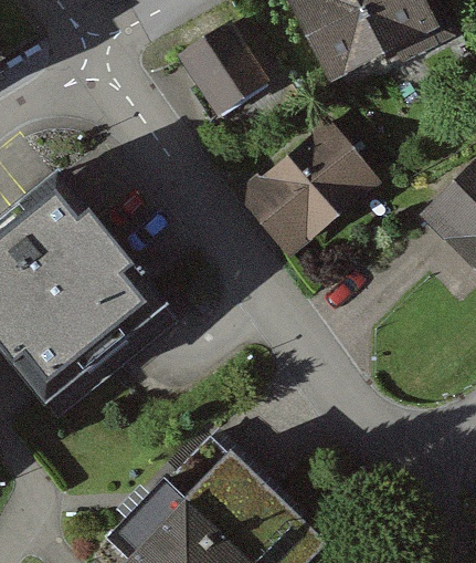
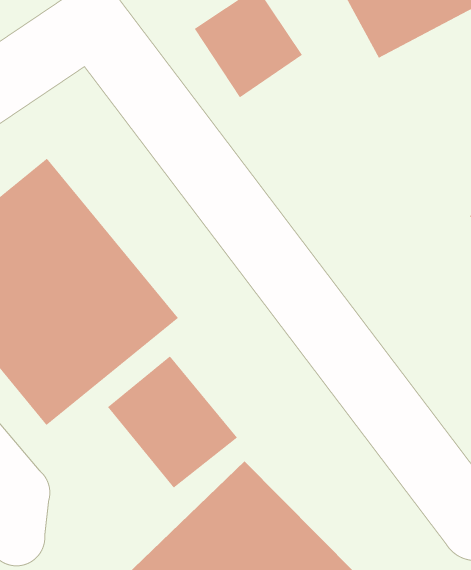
building: [243,125,374,252] -> none
building: none -> [107,356,238,489]

